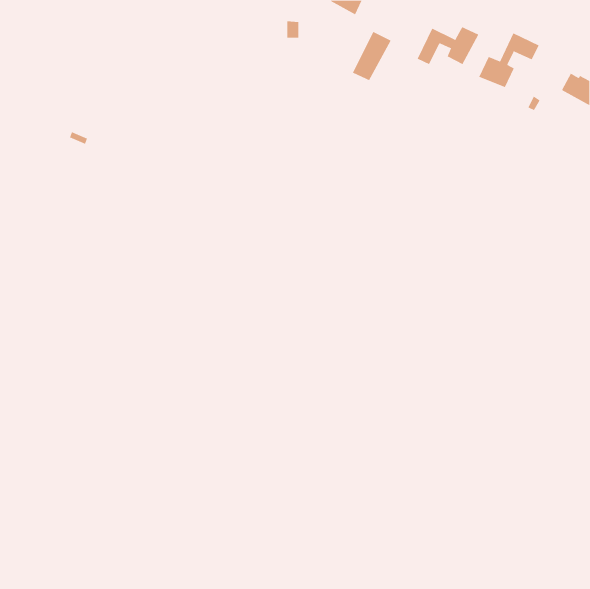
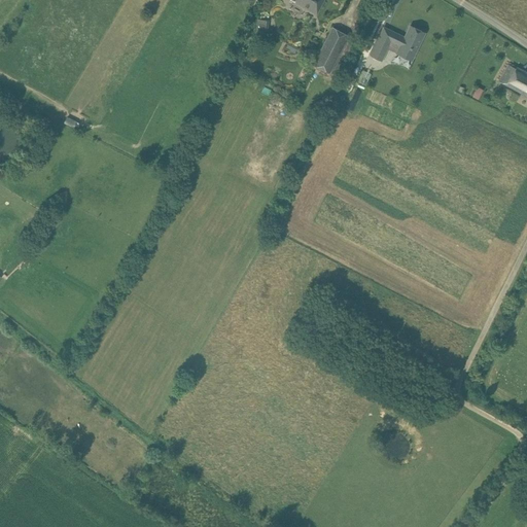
building: [478,32,540,88] -> none

